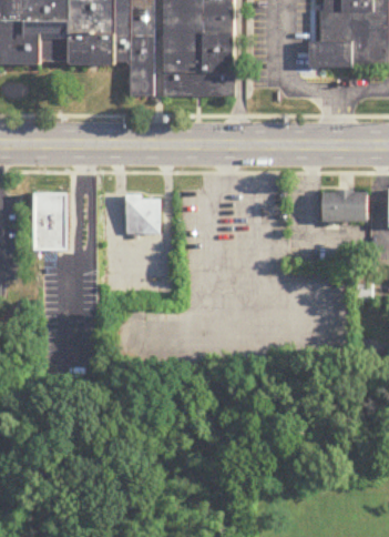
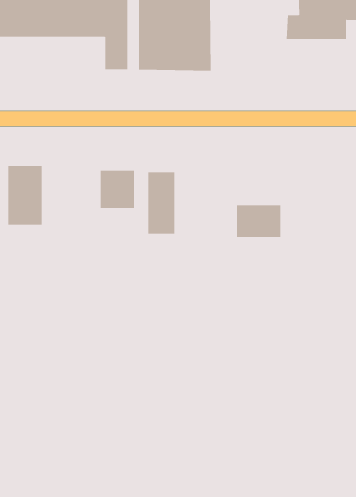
building: [323,190,367,222] -> [236,205,281,238]
building: none -> [148,171,175,235]

